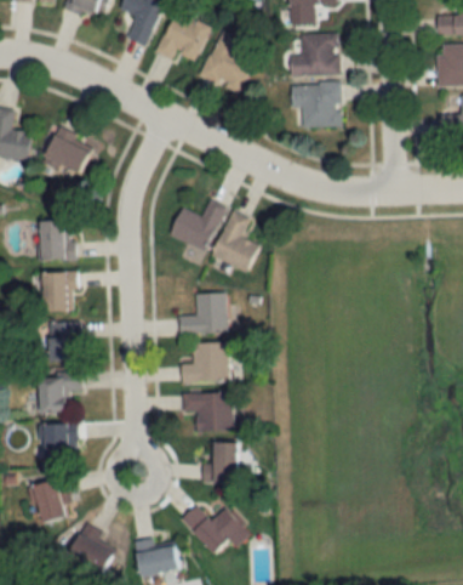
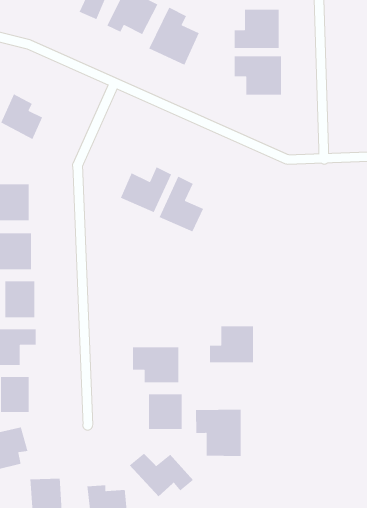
building: [179,294,225,334] -> none
building: [181,343,228,384] -> [209,325,254,363]
building: none -> [195,409,241,457]

